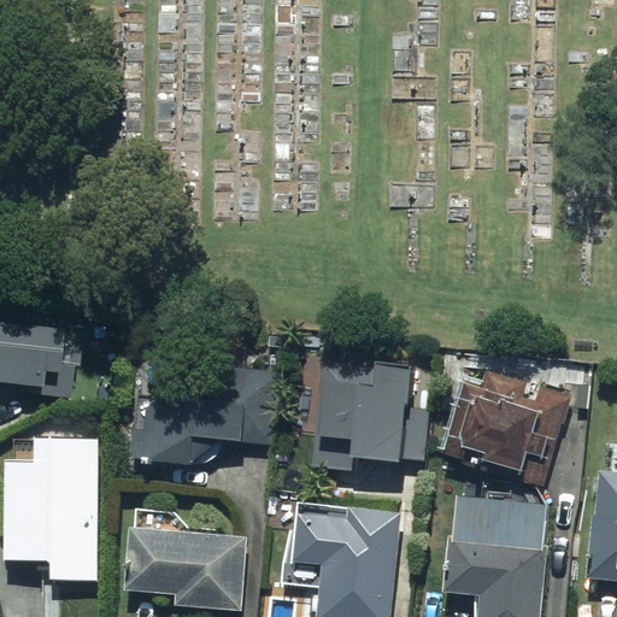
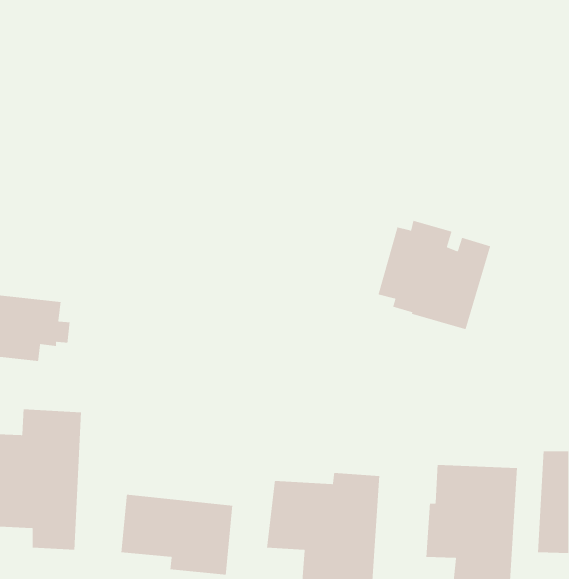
building: [312,349,421,468] -> none
building: [134,363,276,466] -> none
building: [449,369,570,486] -> [377,220,491,330]

